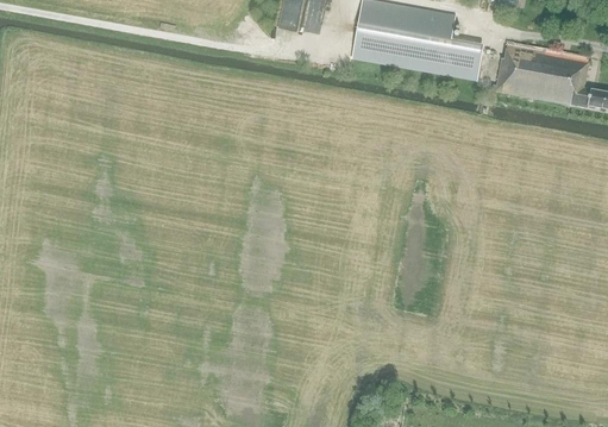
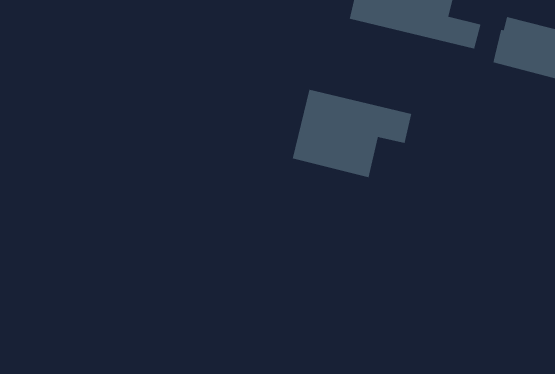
building: none -> [292,89,412,178]

